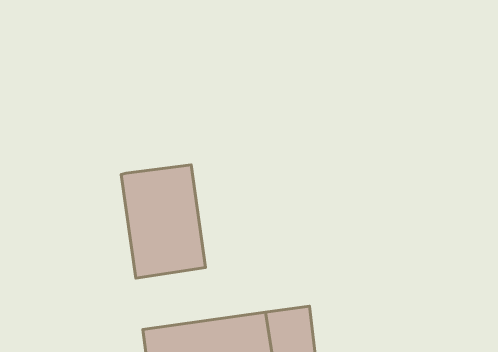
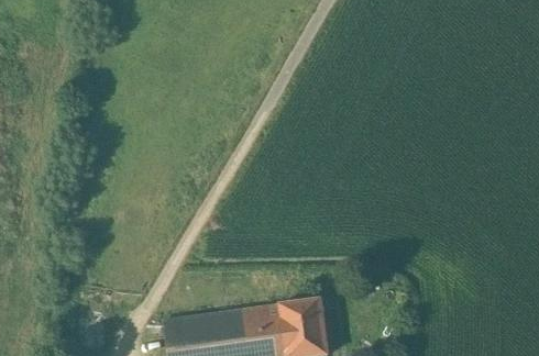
building: [121,165,206,278] -> none

